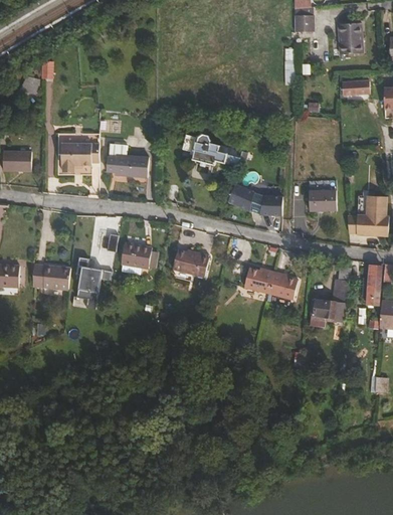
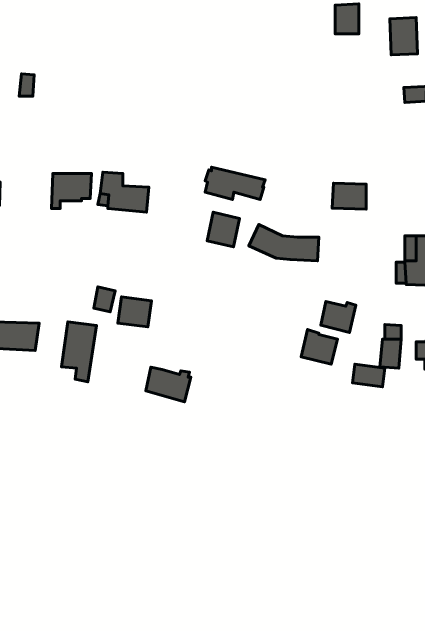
building: none -> [207,212,240,247]
building: [308,191,335,212] -> [332,183,366,209]
building: [175,250,211,279] -> [146,367,191,402]
building: [246,268,274,293] -> [321,301,356,333]

